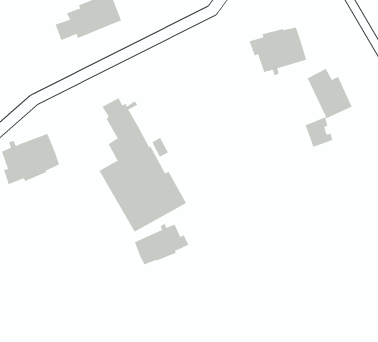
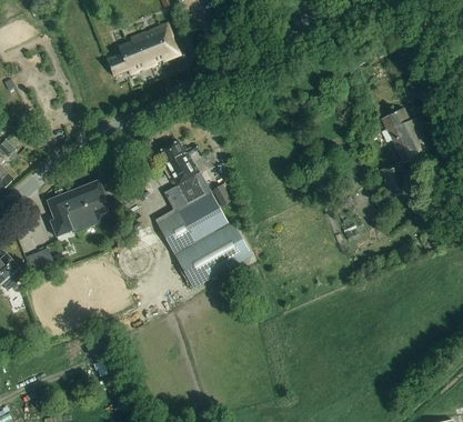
building: [249,27,307,76] -> none
building: [134,223,189,265] -> none

